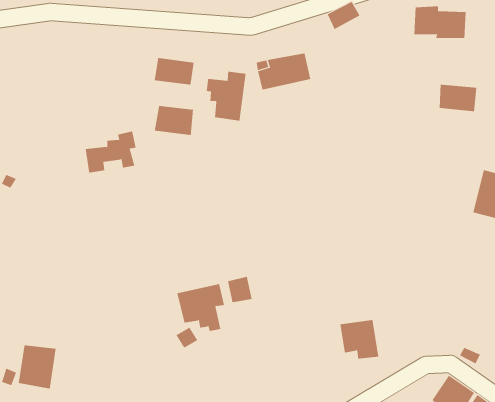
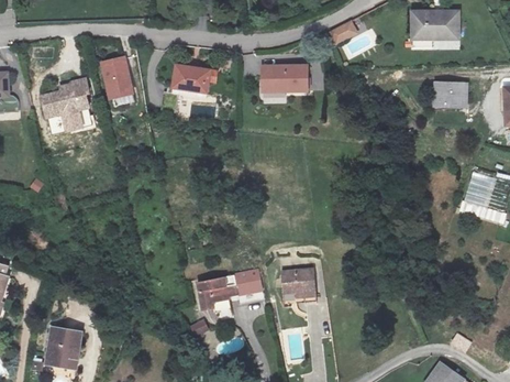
building: none -> [100,46,136,92]
building: [206,71,246,122] -> none
building: [154,105,193,136] -> none
building: [85,131,136,173] -> [40,85,87,123]
building: [340,319,379,359] -> [280,273,317,309]

